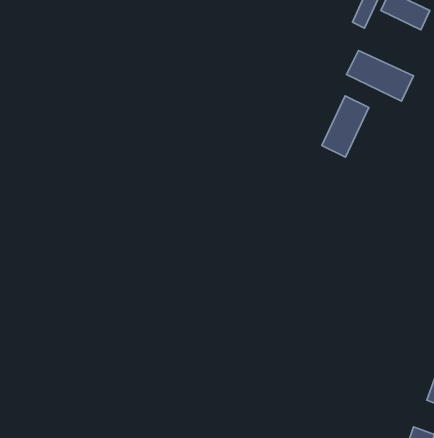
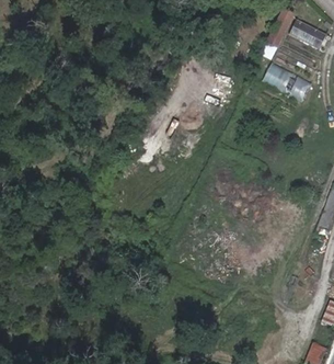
building: [322,96,369,157] -> none

